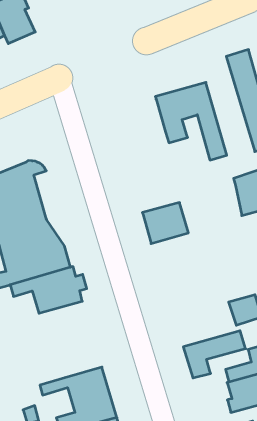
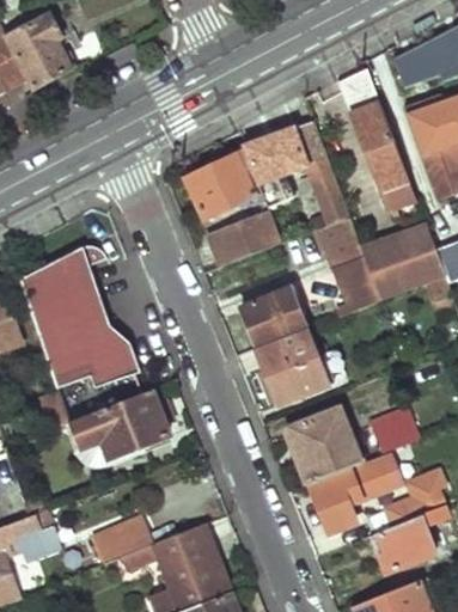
building: none -> [187,148,263,220]
building: none -> [209,214,281,267]
building: none -> [318,218,377,313]
building: none -> [256,329,326,403]
building: none -> [286,404,361,482]
building: none -> [91,516,152,562]

